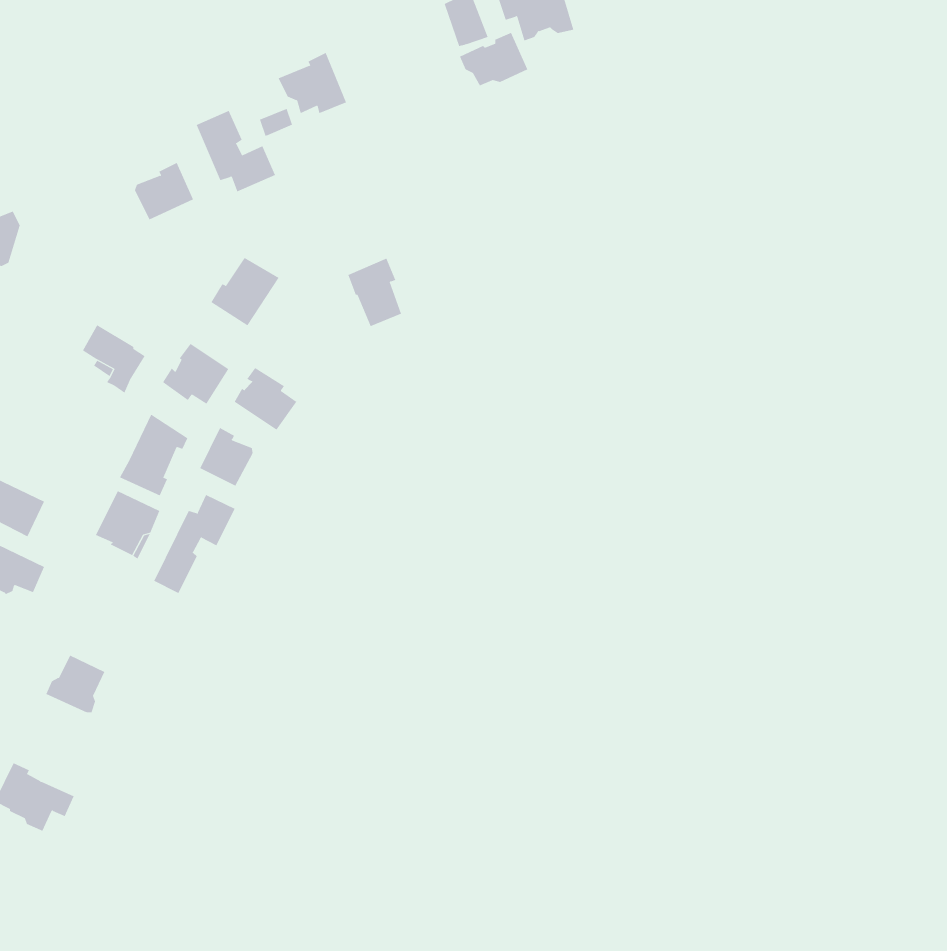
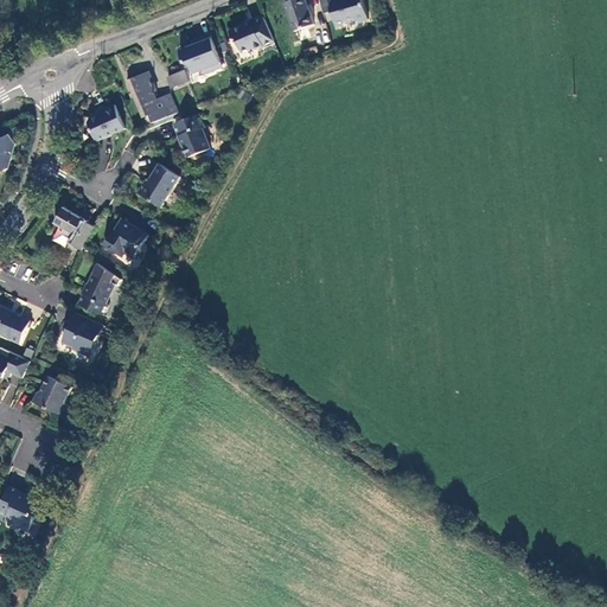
building: [459,32,528,86] -> [228,15,271,50]
building: [348,258,402,327] -> [172,111,206,155]
building: [234,367,297,431] -> none
building: [199,427,253,486] -> none
building: [153,494,235,594] -> none
building: [45,655,105,713] -> [32,376,70,413]

